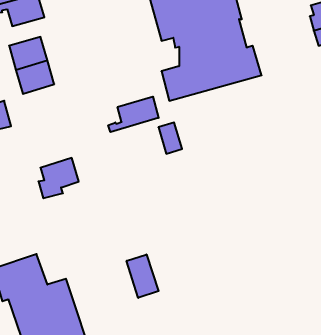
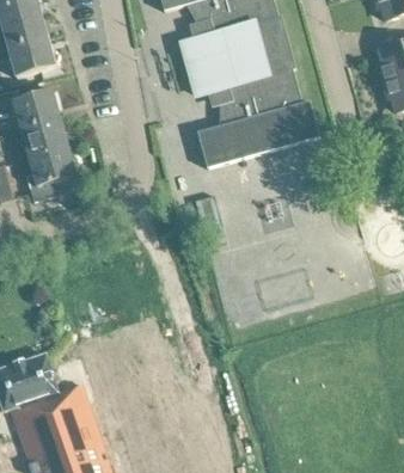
building: [108,97,159,132] -> none
building: [38,158,79,198] -> [26,146,75,195]
building: [127,254,159,298] -> none

